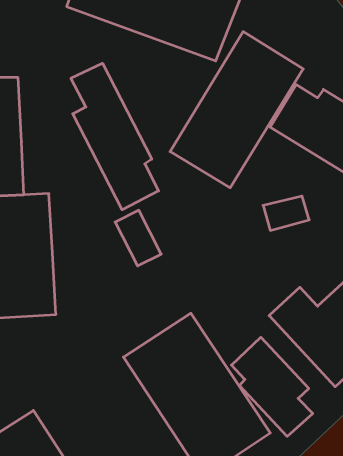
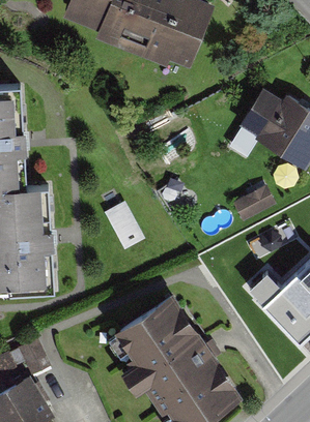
building: [170,32,303,188] -> none
building: [71,63,159,210] -> none
building: [231,337,313,436] -> none

